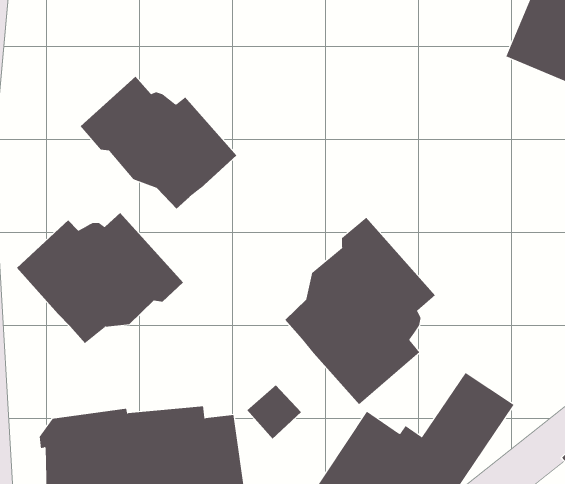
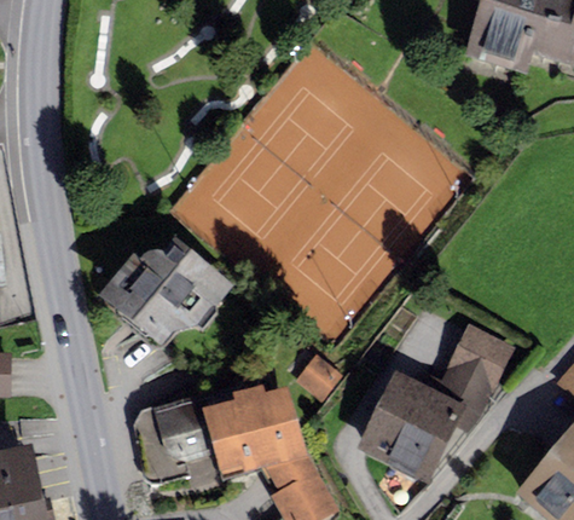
building: [80,76,237,209] -> none
building: [284,217,436,405] -> none

